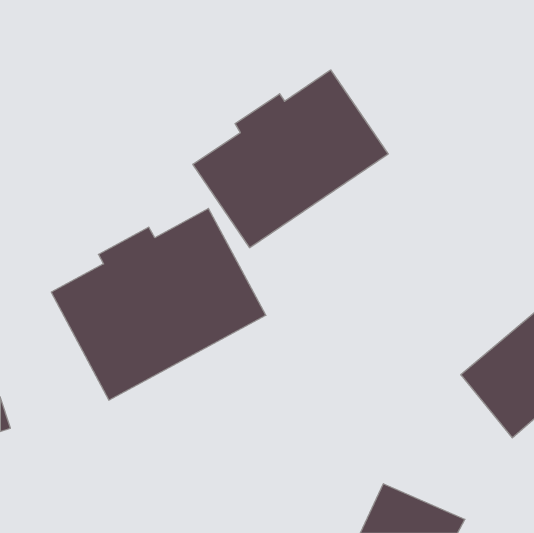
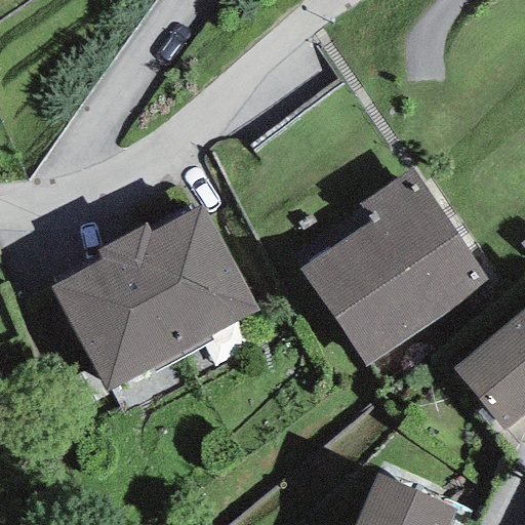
building: [193,70,388,248] -> none
building: none -> [299,168,491,368]

